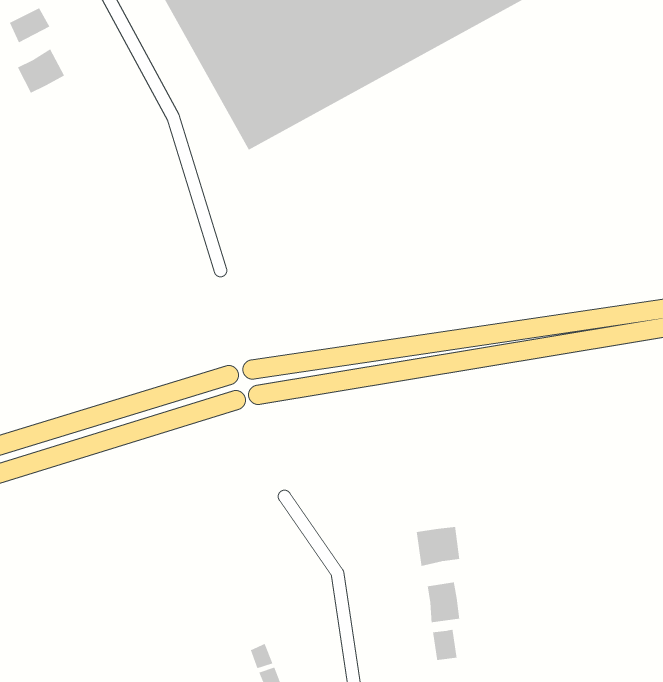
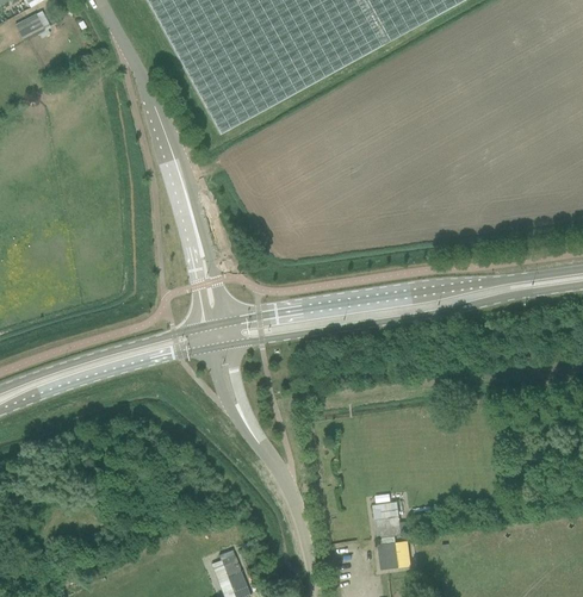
building: [17,48,65,94] -> none
building: [416,526,460,567] -> none

